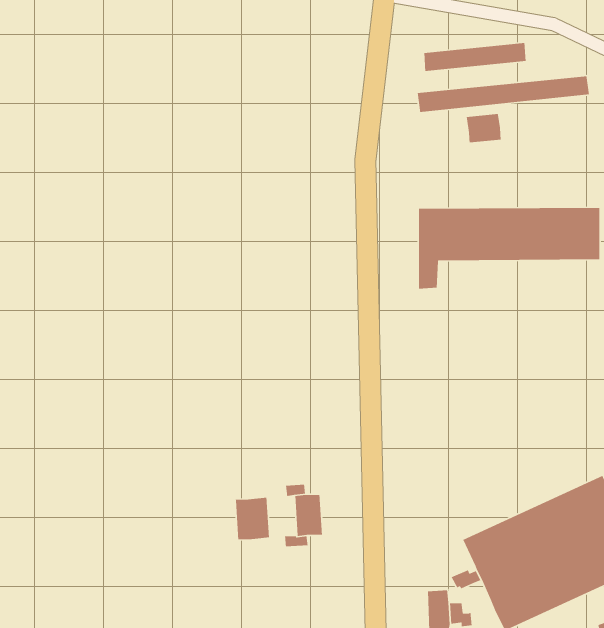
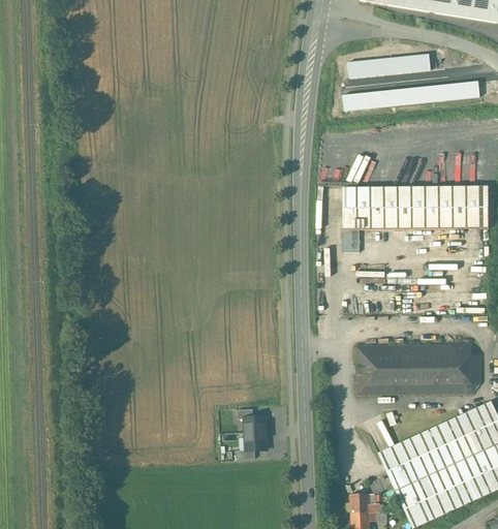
building: [466,113,502,143] -> none
building: none -> [356,343,481,393]
building: [235,497,270,540] -> none

